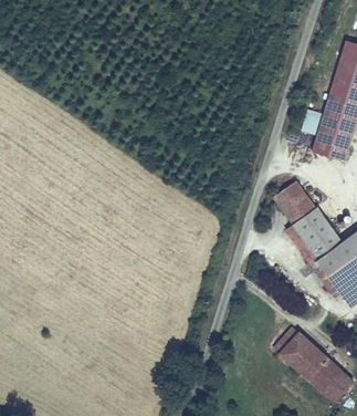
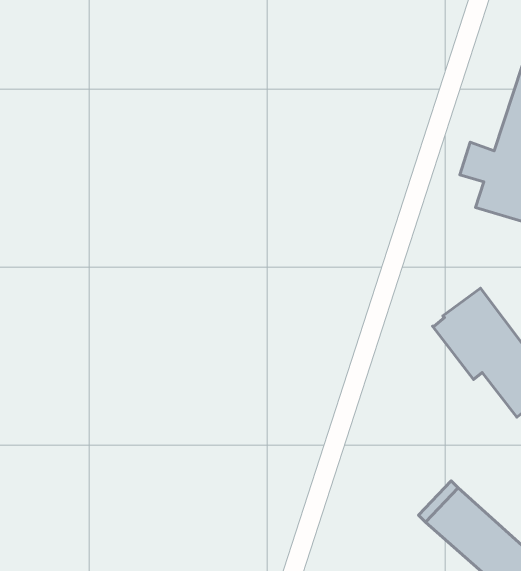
building: [272,180,314,221] -> none

